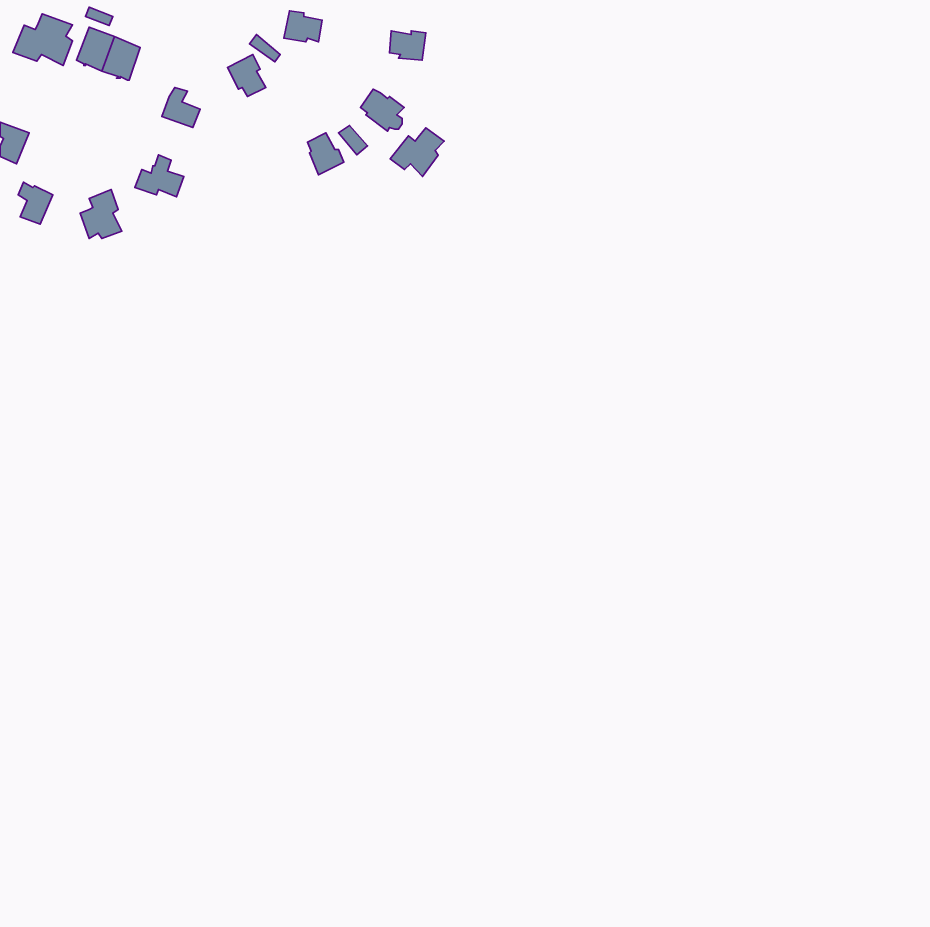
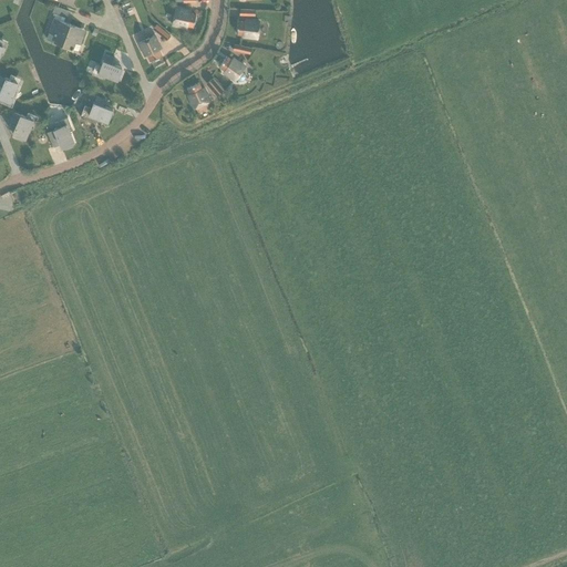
building: [13,14,73,66] -> none
building: [390,128,444,176] -> none

